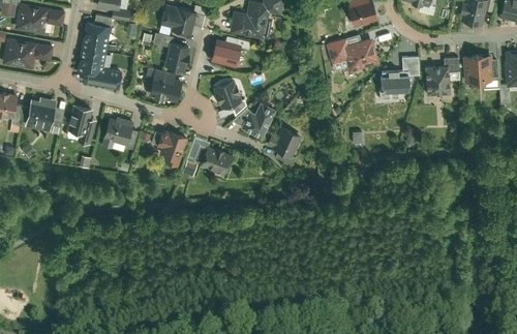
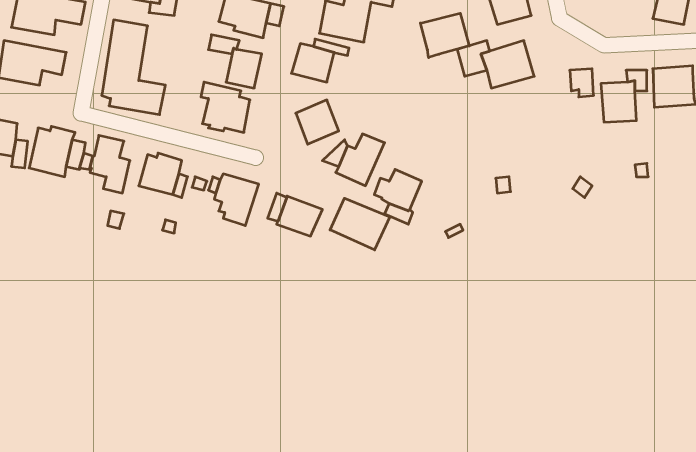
building: none -> [420,13,469,58]
building: [382,71,410,98] -> none
building: none -> [330,198,390,250]

